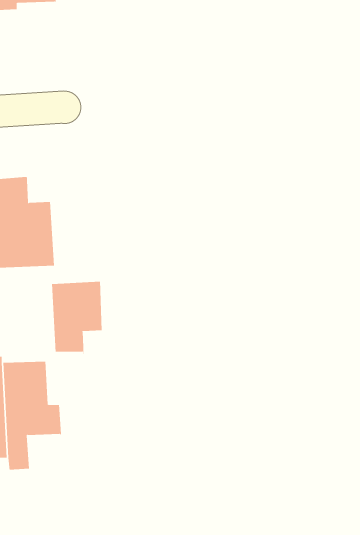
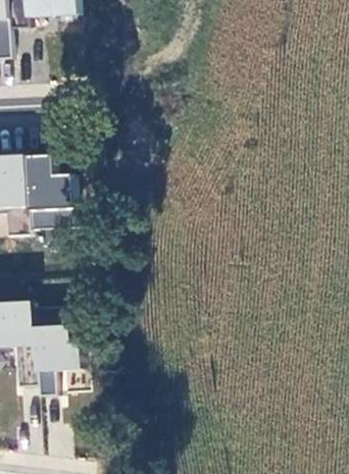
building: [52,281,102,355] -> none

